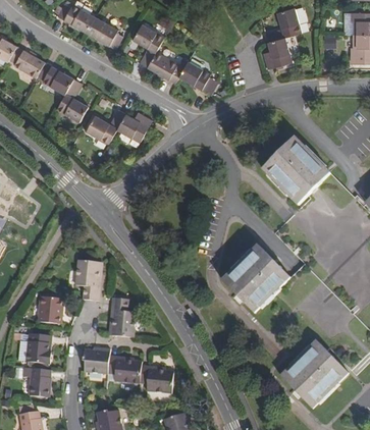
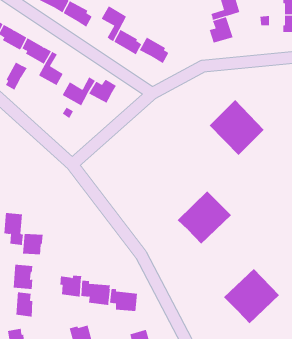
building: none -> [5,62,27,91]
building: [74,261,99,301] -> [3,212,24,245]
building: [110,298,137,337] -> none

